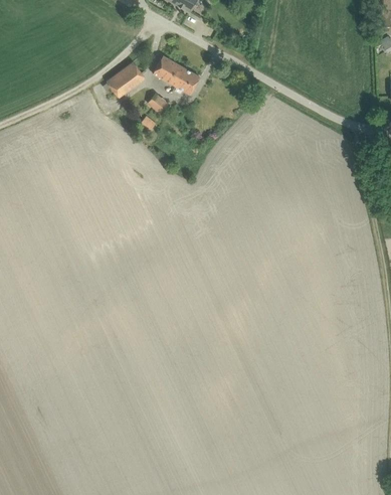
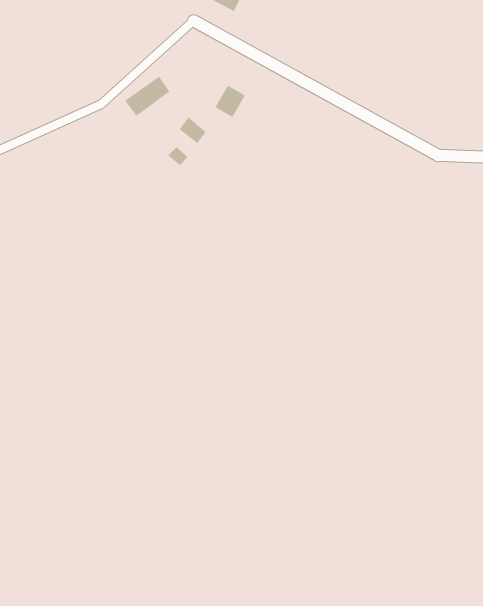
building: [153,55,185,86] -> none

